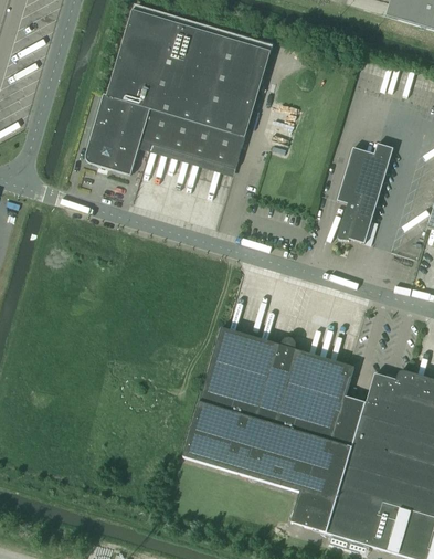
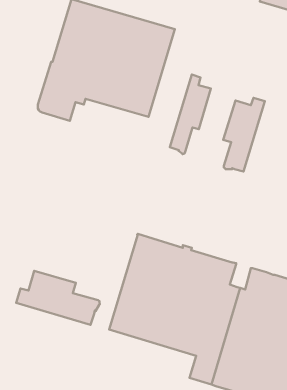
building: none -> [170,74,211,154]
building: none -> [16,271,100,325]

